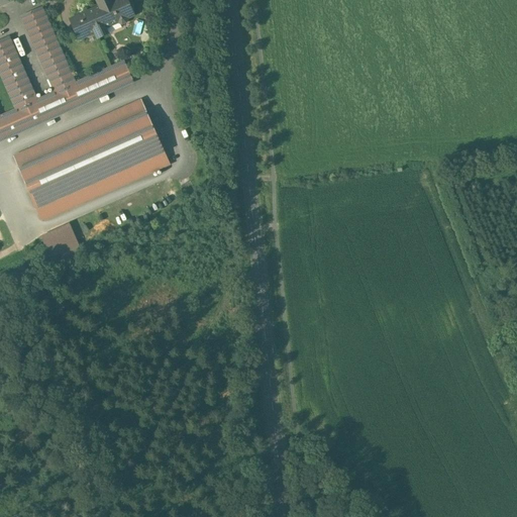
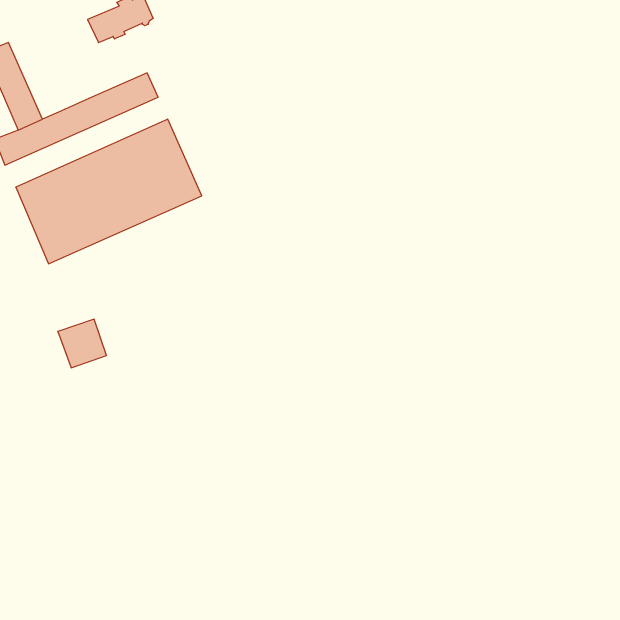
building: [20,6,74,91] -> none
building: [39,222,80,263] -> [58,319,106,368]

